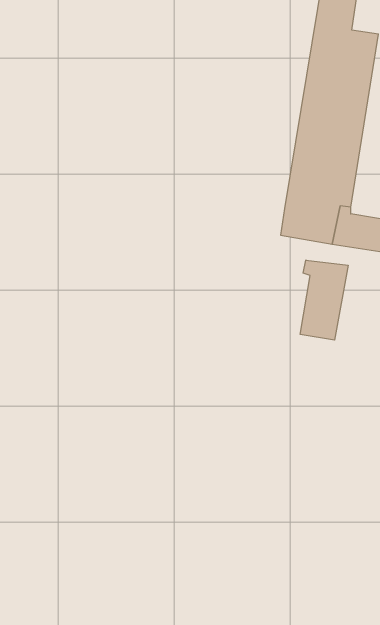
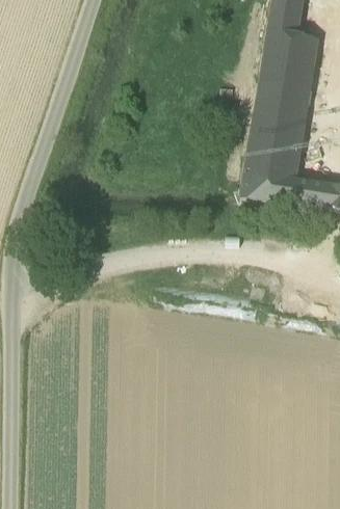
building: [300,260,348,340] -> none

